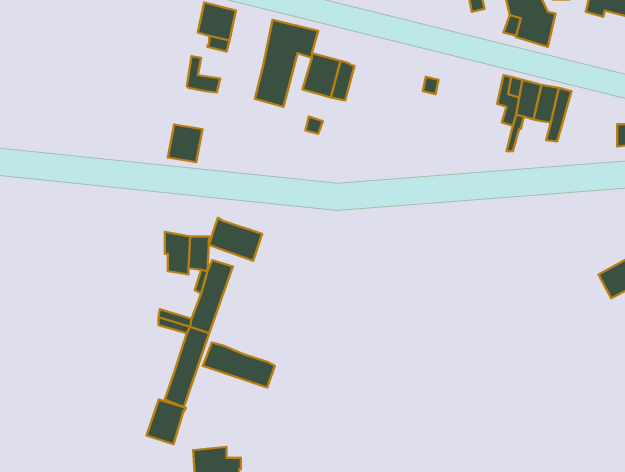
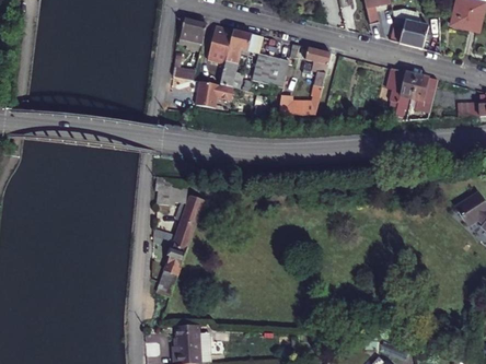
building: none -> [207,26,231,62]
building: none -> [279,47,331,114]
building: [168,124,203,162] -> [195,81,219,107]
building: [209,218,262,261] -> none
building: [203,342,275,388] -> none
building: [147,399,186,444] -> none

